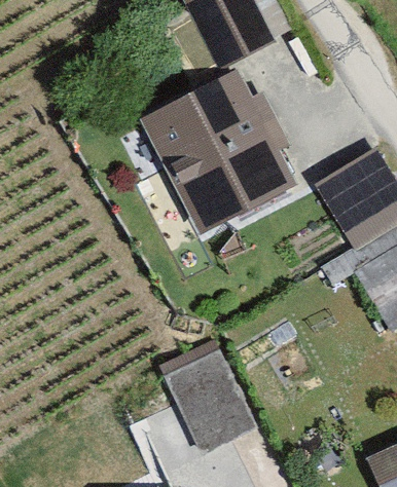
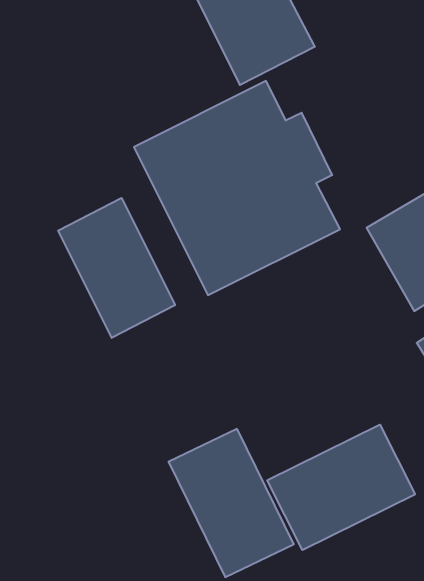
building: none -> [58,198,175,338]
building: none -> [267,425,415,550]

